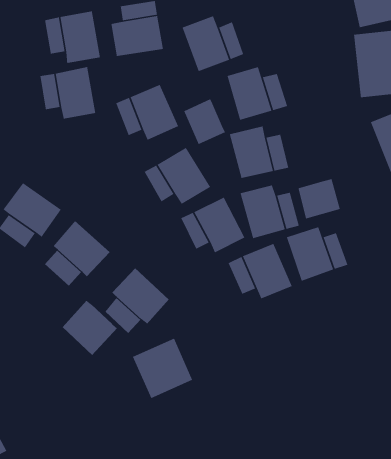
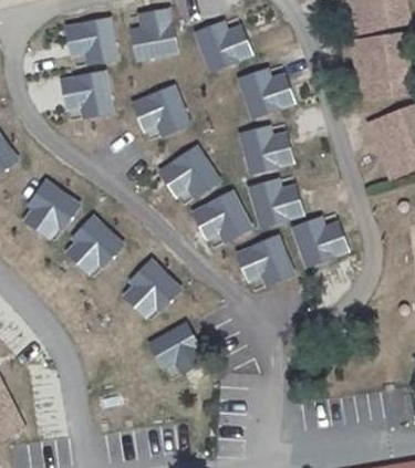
building: [183,98,226,145] -> none
building: [297,178,341,220] -> none
building: [62,300,118,356] -> none

